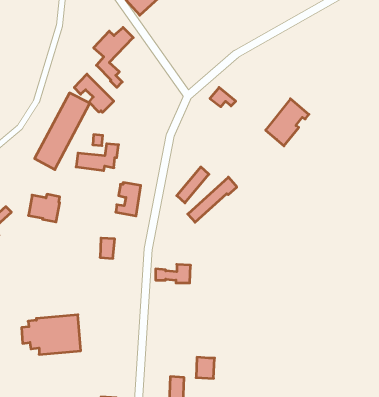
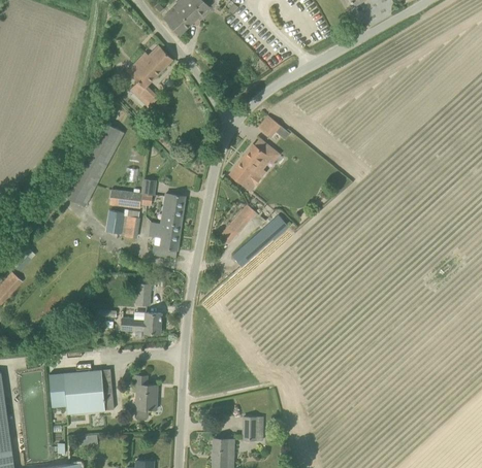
building: [74,74,114,112] -> none
building: [266,99,309,146] -> [230,138,279,191]
building: none -> [161,194,185,225]
building: [28,194,60,222] -> [104,207,139,238]
building: [156,264,191,283] -> [122,312,161,333]
building: none -> [135,375,158,419]

